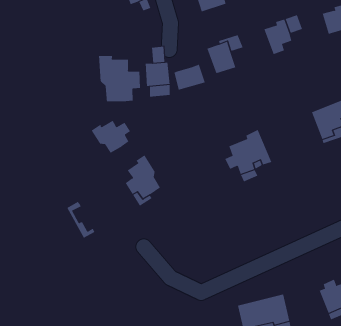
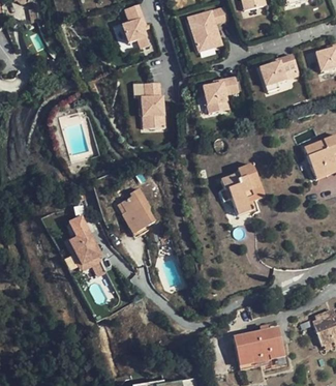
building: [99,55,141,102] -> none
building: [174,64,206,91] -> none
building: [91,120,131,153] -> none
building: none -> [72,229,105,264]

